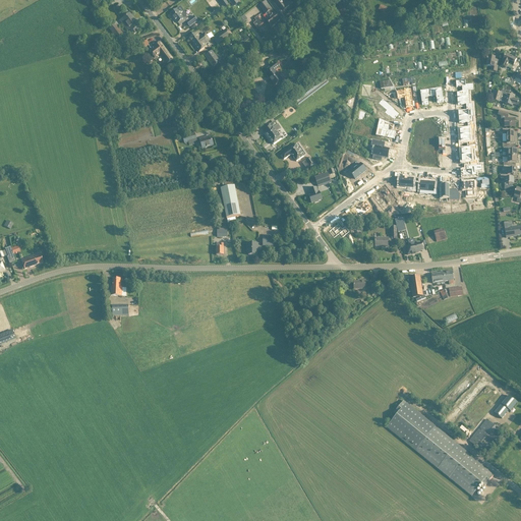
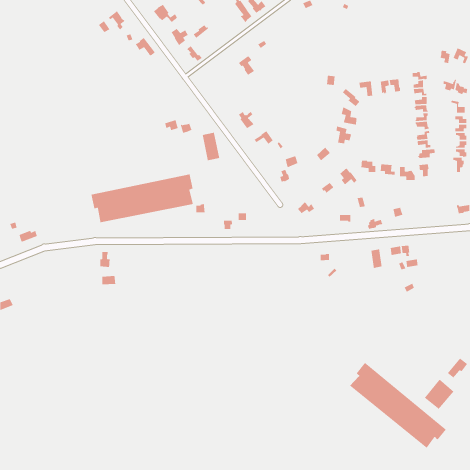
building: [220,184,240,217] -> [202,132,220,161]
building: none -> [90,173,194,223]

